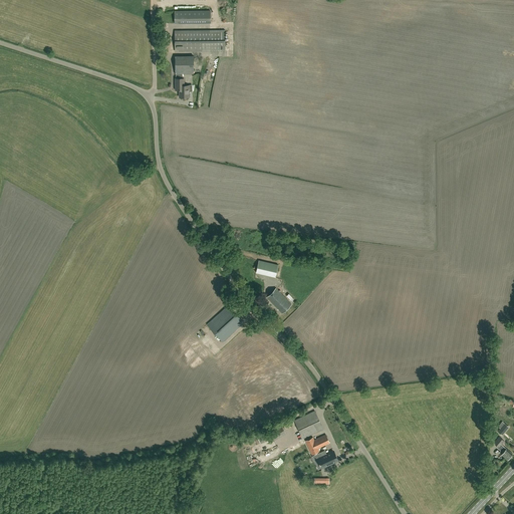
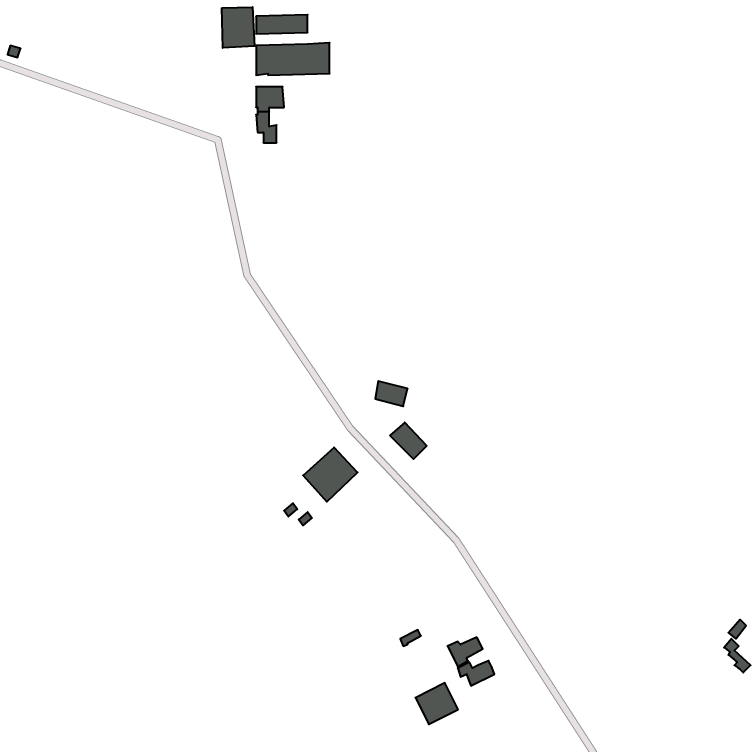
building: none -> [222,7,255,48]
building: [294,411,323,439] -> [415,683,458,724]

